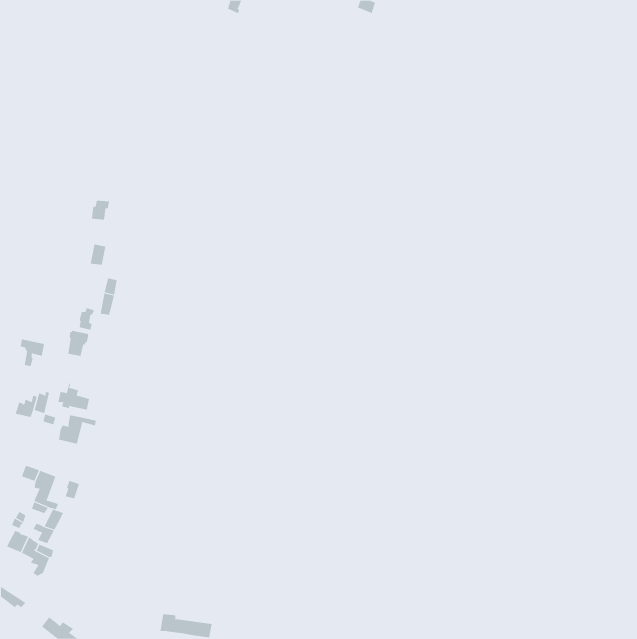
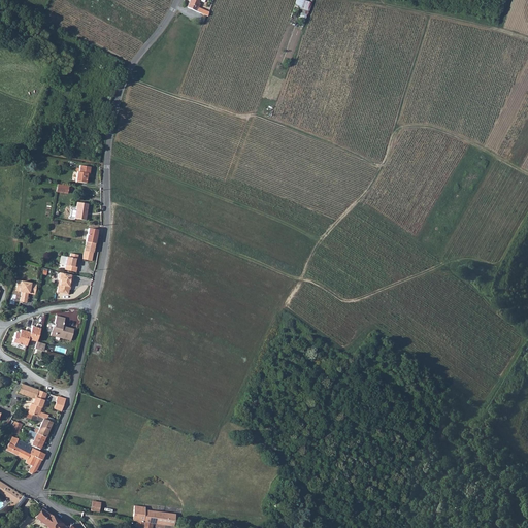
building: [58,415,96,444] -> none

